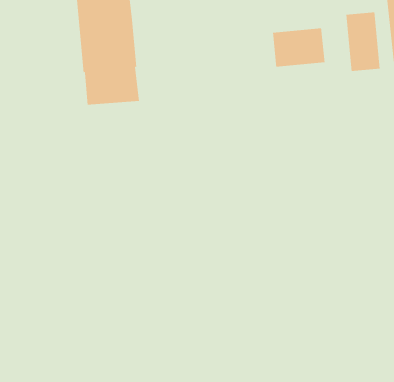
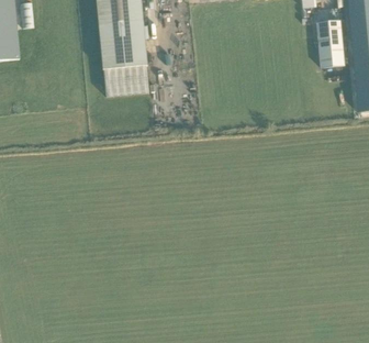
building: [272,28,325,68] -> none

